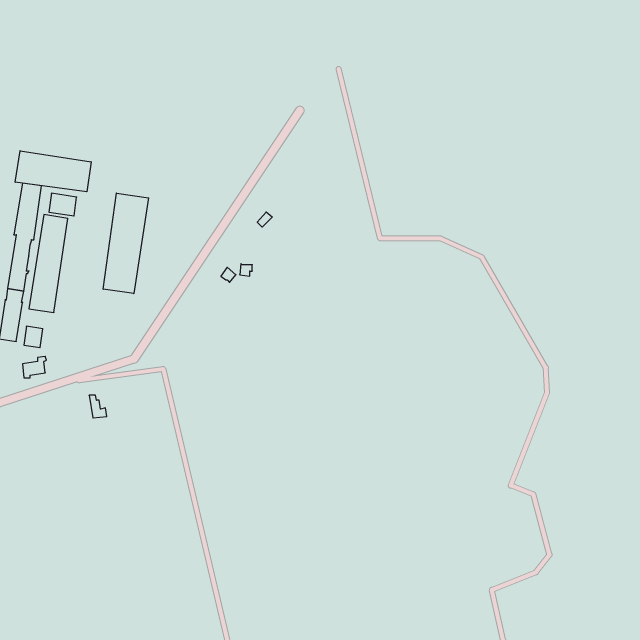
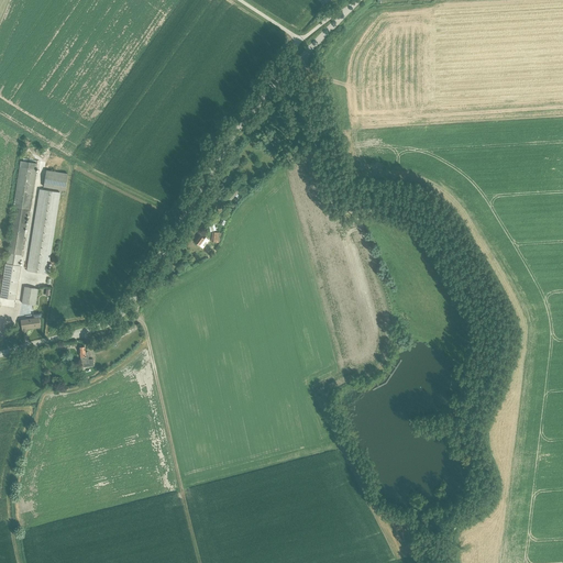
building: [15,151,91,192] -> none
building: [103,193,149,294] -> none

